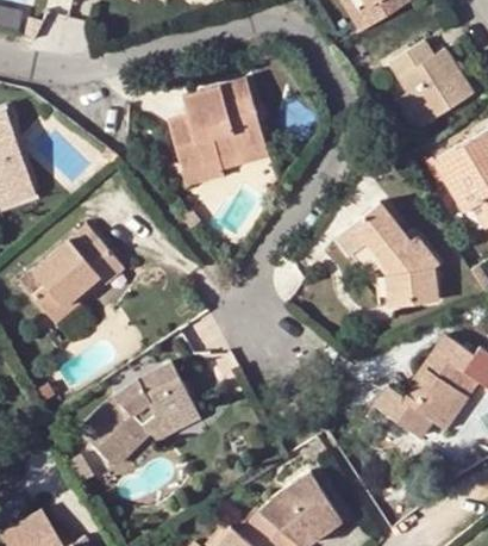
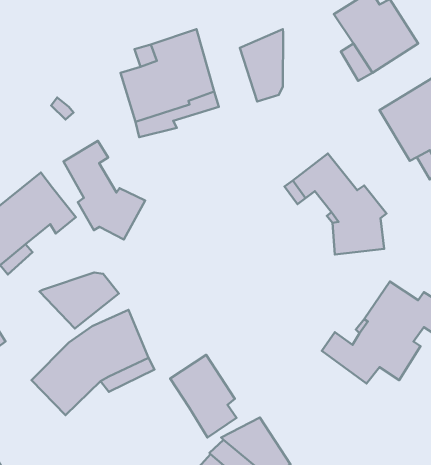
building: none -> [240,29,283,102]
building: none -> [63,141,145,240]
building: none -> [39,273,119,329]
building: none -> [170,355,237,437]

